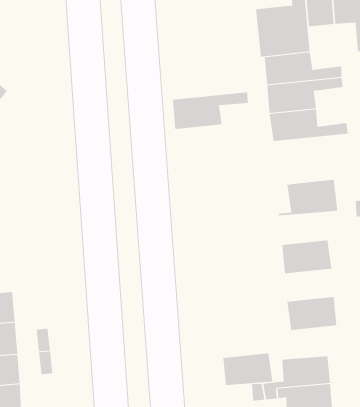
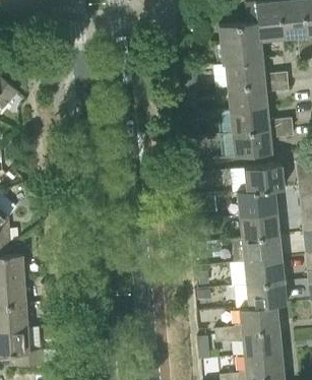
building: [172,92,249,130] -> [232,127,294,157]
building: none -> [236,190,276,216]
building: none -> [241,236,282,262]
building: [223,353,273,385] -> [246,281,287,308]

